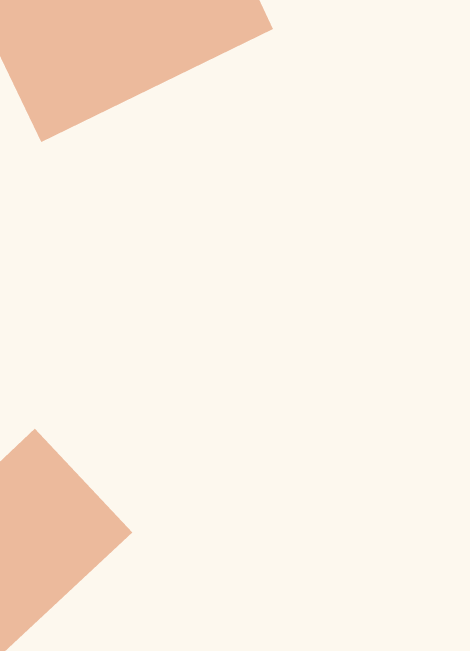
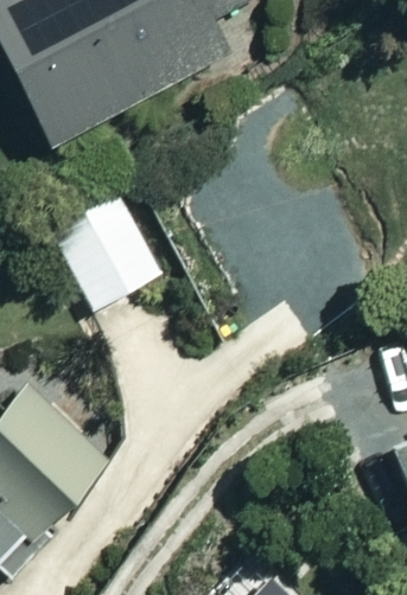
building: none -> [50,190,167,313]

